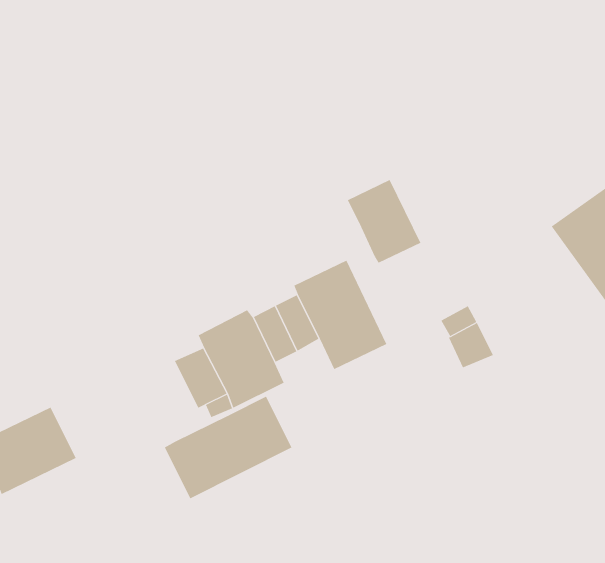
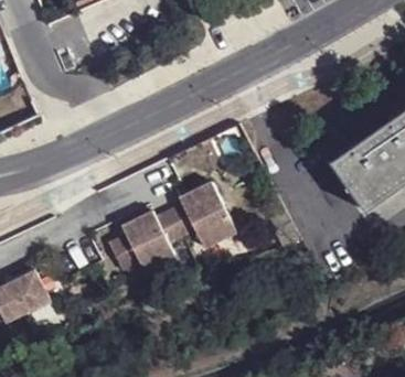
building: [347,179,421,264] -> none
building: [164,396,292,499] -> none

